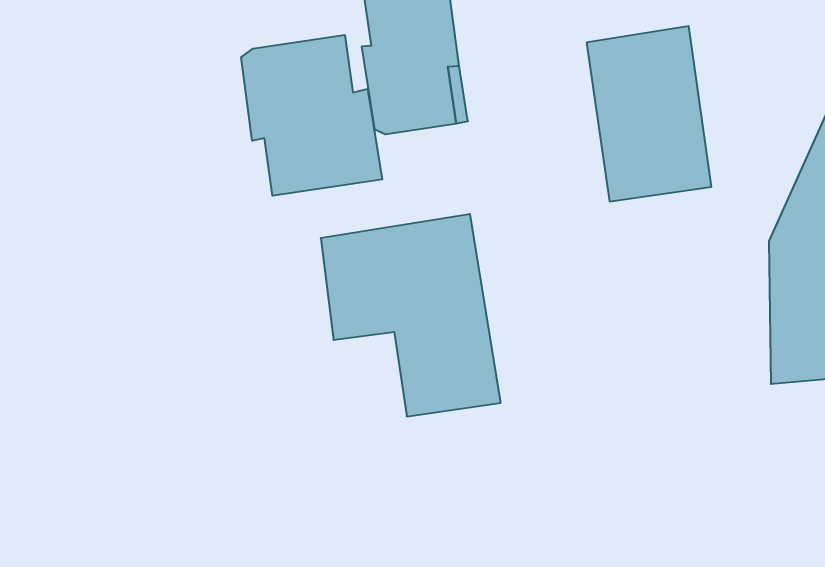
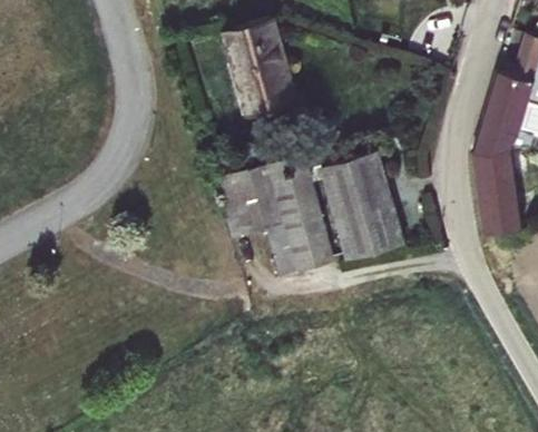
building: [587,26,711,201] -> [320,153,402,259]
building: [241,35,382,196] -> none

